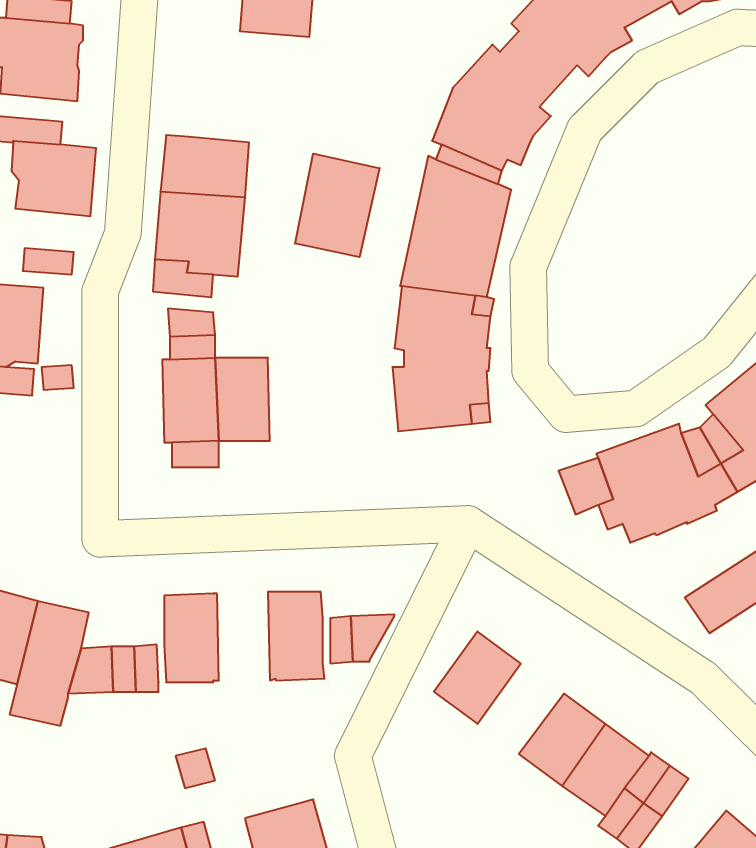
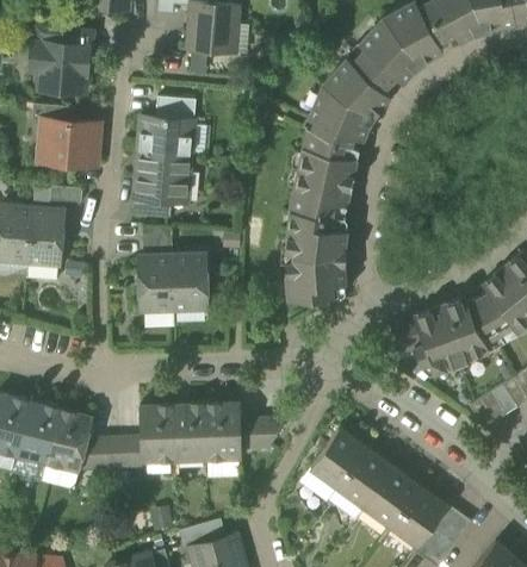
building: none -> [156,98,197,120]
building: [295,154,380,257] -> none
building: none -> [174,404,207,460]
building: none -> [339,449,393,506]
building: none -> [180,519,227,550]

